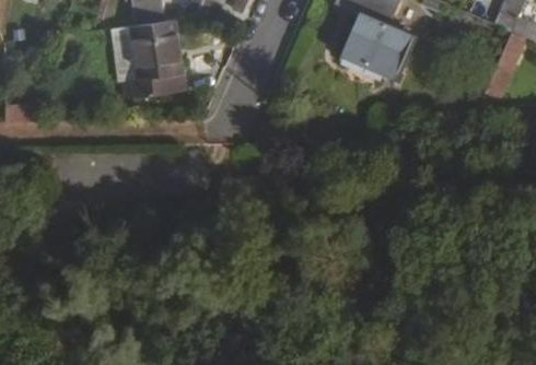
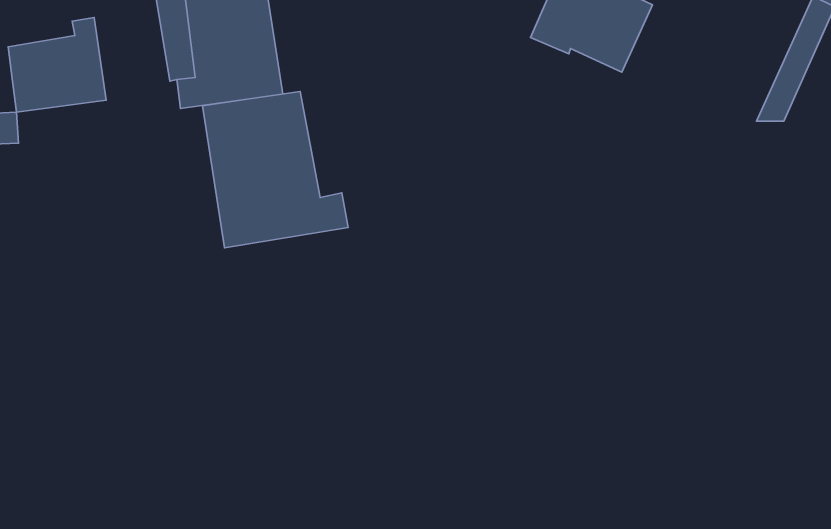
building: none -> [8,17,106,112]
building: none -> [203,91,348,248]

